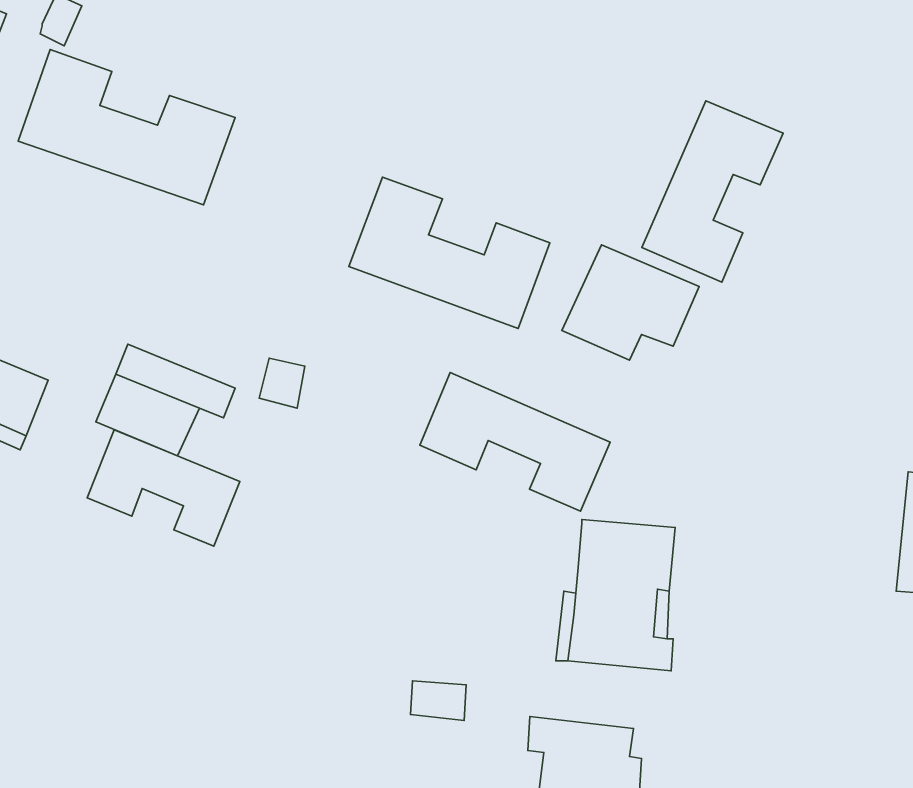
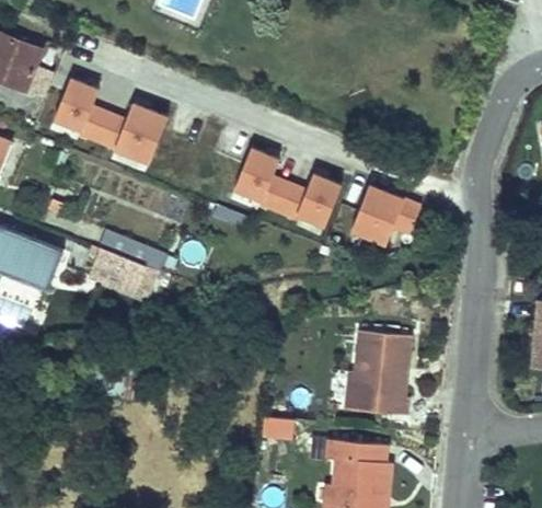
building: [642,101,783,282] -> none
building: [420,373,610,511] -> none
building: [87,430,240,546] -> none

